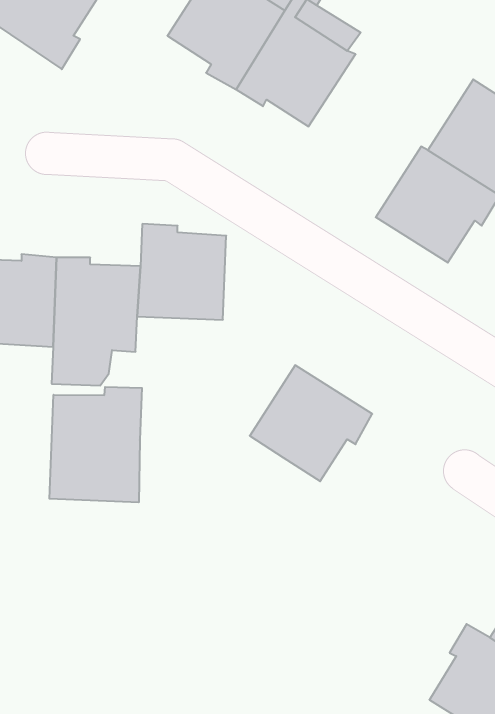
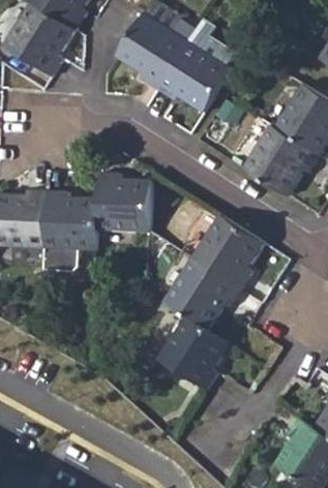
building: none -> [192,217,263,289]
building: [49,387,142,502] -> none
building: none -> [159,316,229,391]

